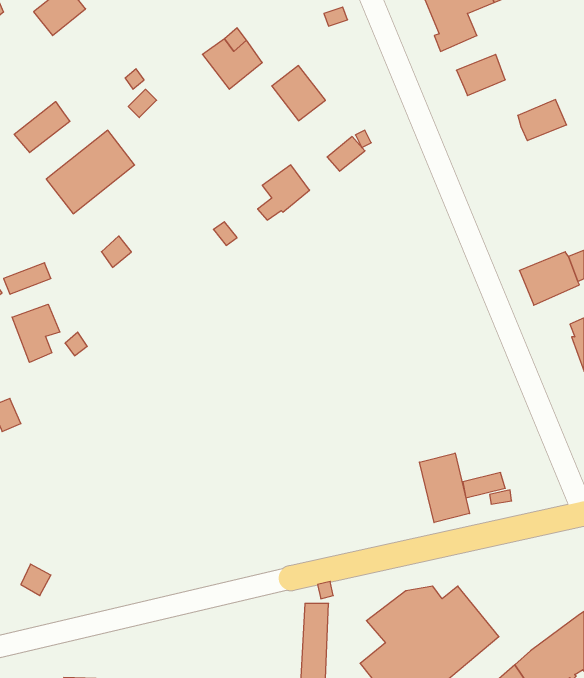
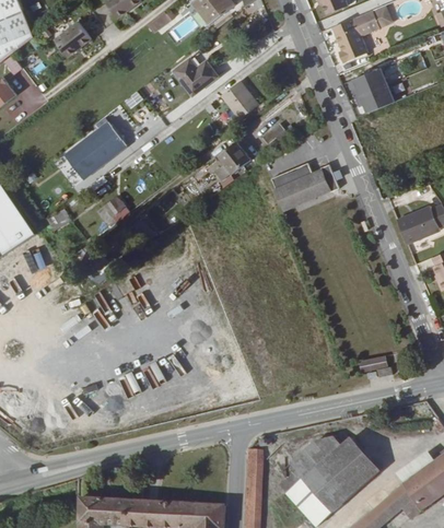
building: [518,100,567,141] -> [359,85,393,114]
building: [14,102,70,153] -> none
building: none -> [270,164,338,211]
building: [12,304,60,362] -> none
building: [419,453,470,523] -> none

